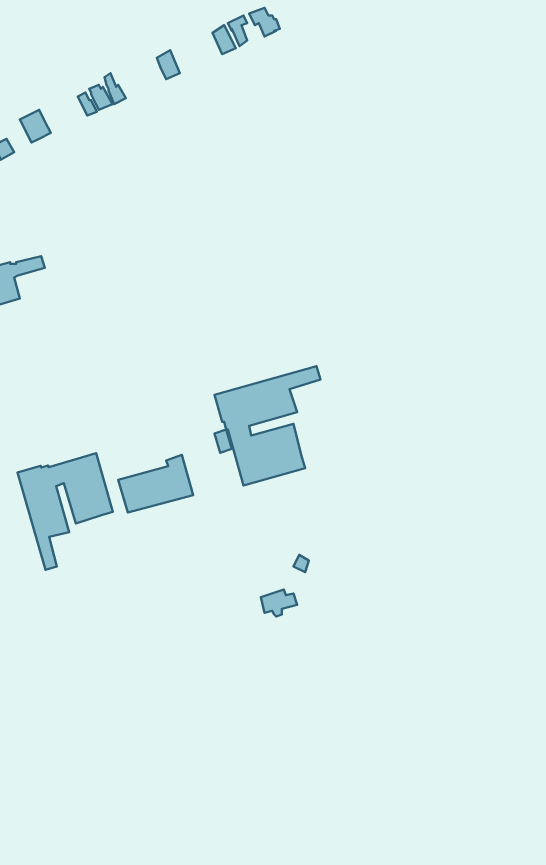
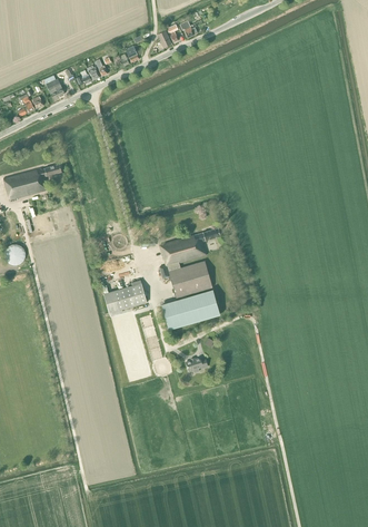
building: [18,453,113,570] -> none
building: none -> [161,290,220,330]

